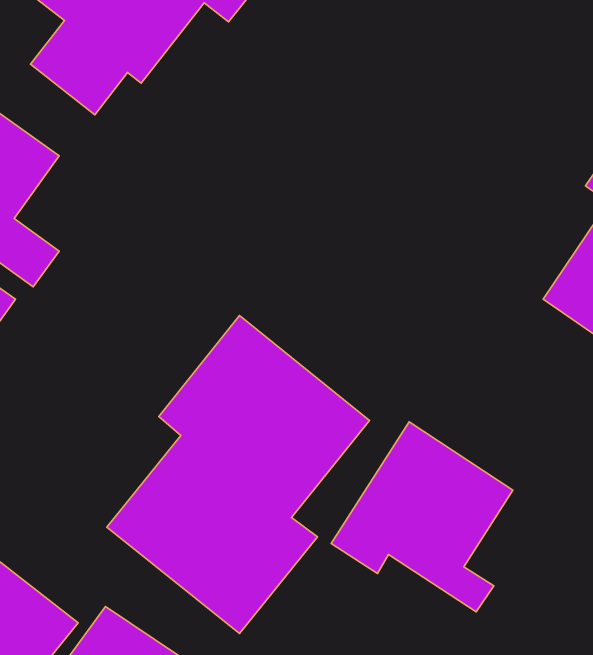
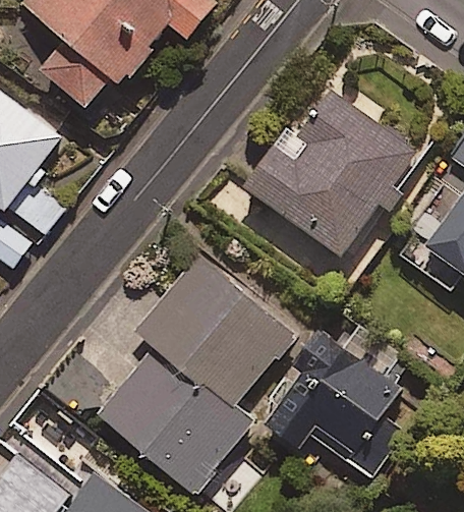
building: none -> [246,87,417,254]

